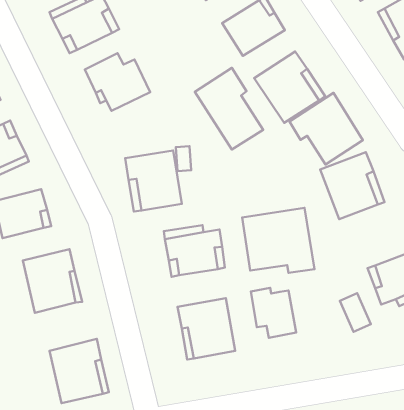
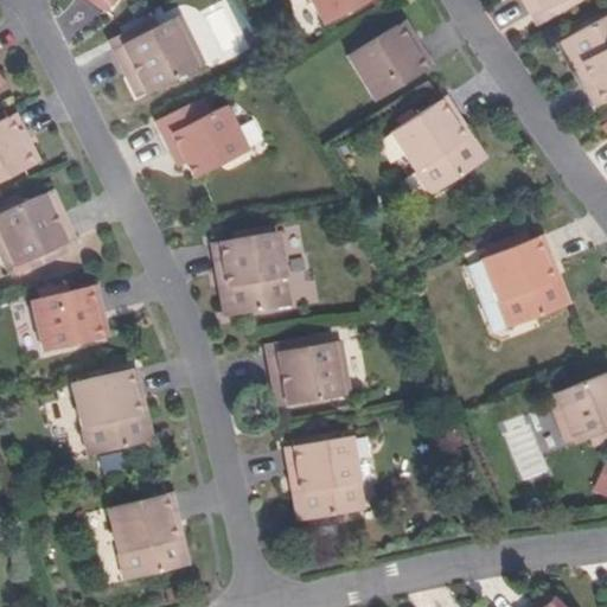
building: [195,68,263,149] -> none
building: [289,93,363,165] -> none
building: [242,208,314,273] -> none
building: [251,288,296,338] -> none

